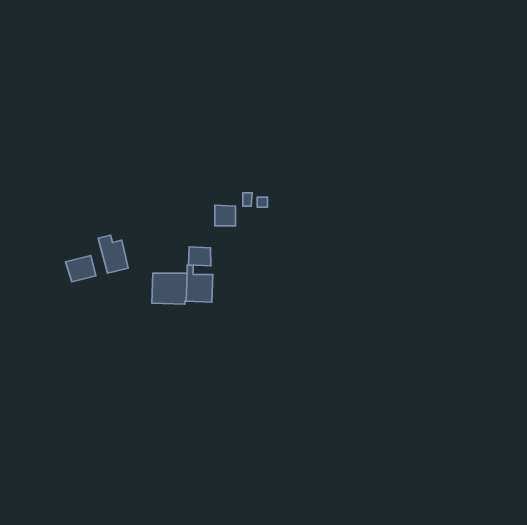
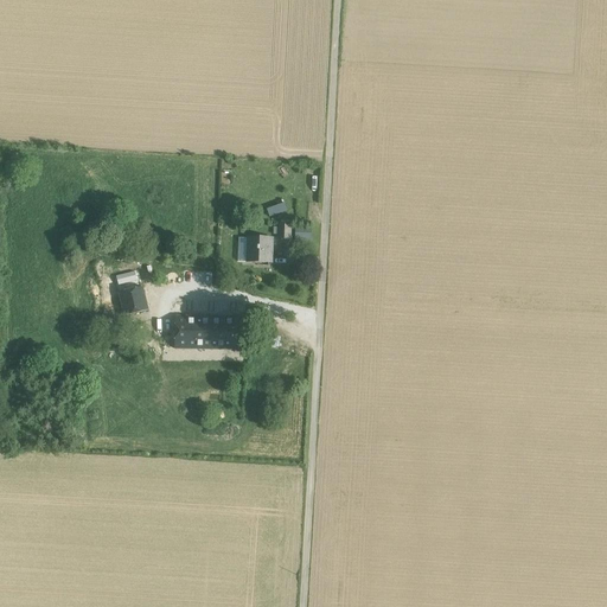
building: [189,247,211,266] -> none
building: [66,256,96,282] -> none

